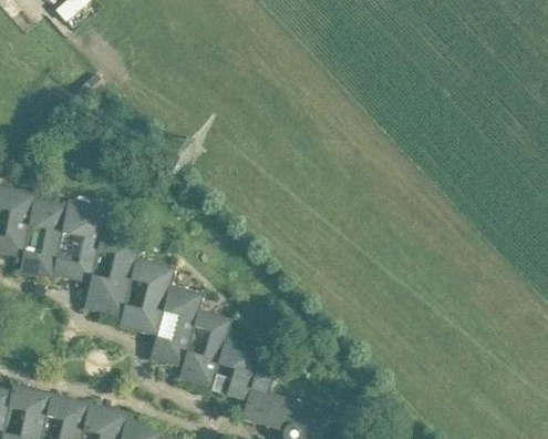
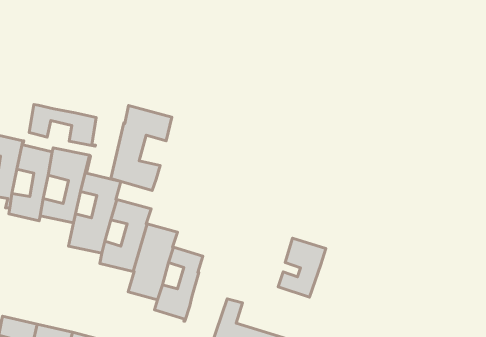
building: none -> [29,104,96,146]
building: none -> [111,105,172,190]
building: [211,337,263,401] -> [278,238,326,297]

